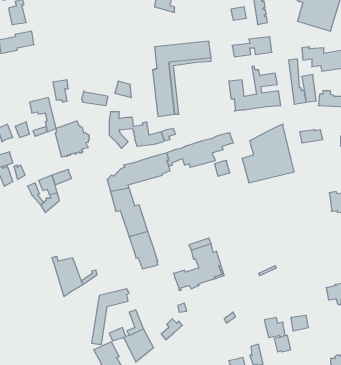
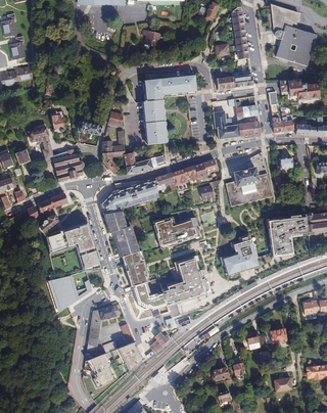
building: none -> [269,216,308,257]
building: none -> [154,218,198,246]
building: none -> [45,224,102,274]
building: none -> [224,235,262,277]
building: none -> [133,282,167,309]

